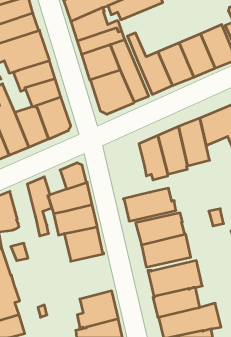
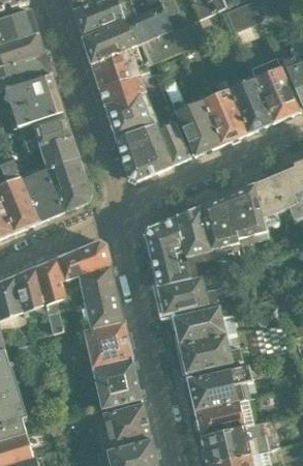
building: none -> [144,216,190,286]
building: none -> [57,250,85,281]
building: none -> [13,267,44,317]
building: none -> [90,355,141,408]

